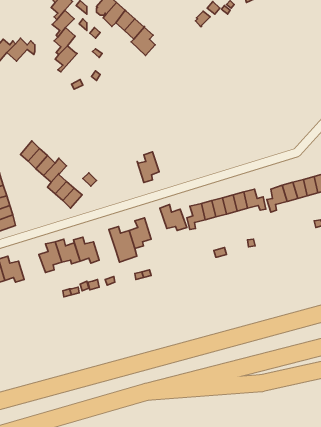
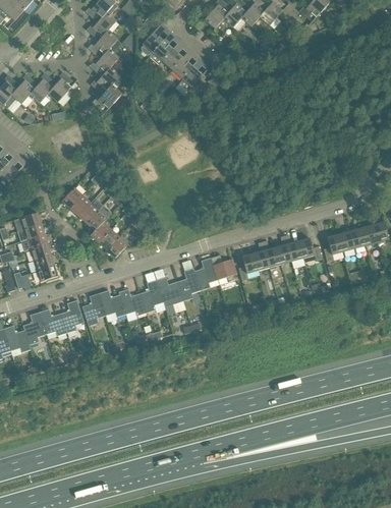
building: [137,152,159,183] -> [193,258,217,290]
building: none -> [139,280,163,313]
building: none -> [60,299,83,333]

